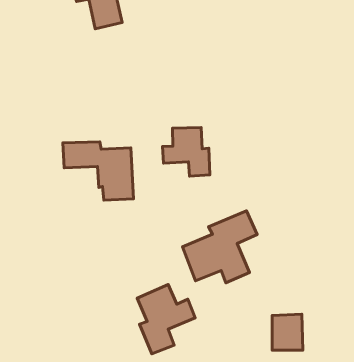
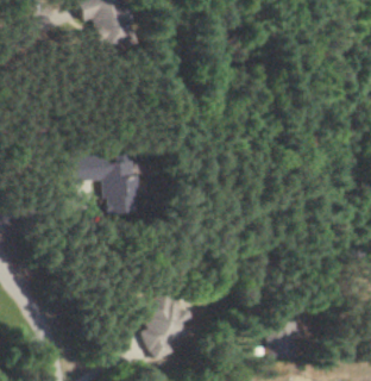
building: [163,128,210,176] -> none
building: [182,211,257,283] -> none

